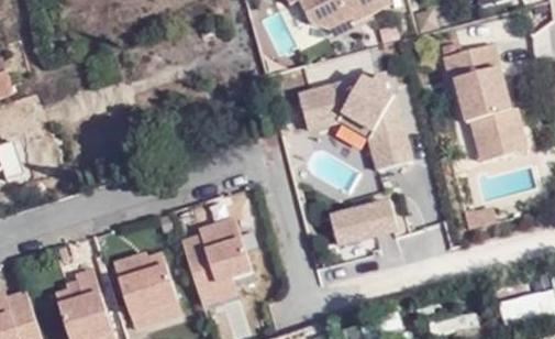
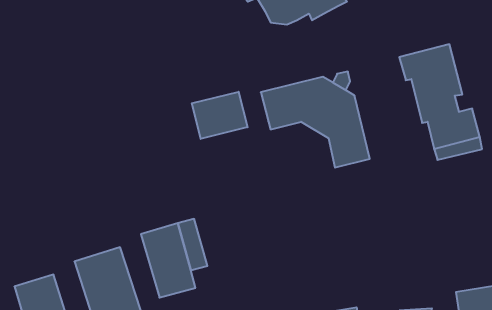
building: none -> [192,92,248,139]
building: [334,201,400,245] -> none

